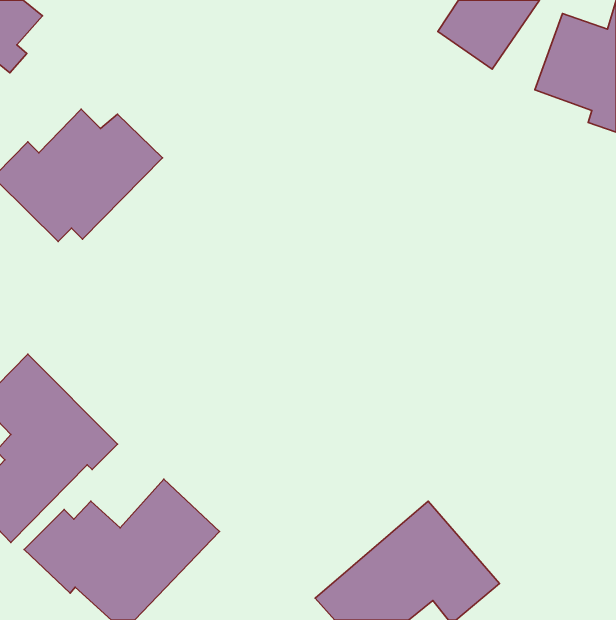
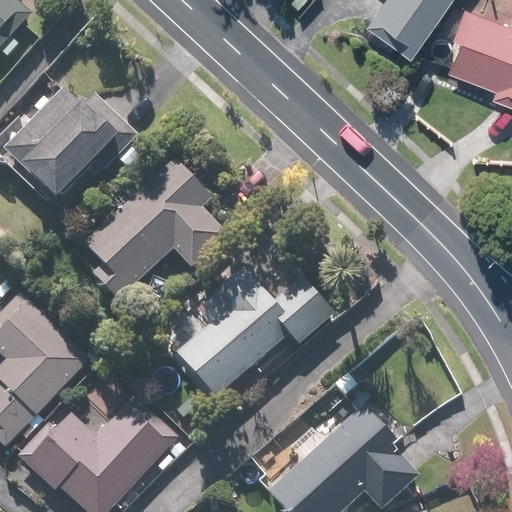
building: none -> [86,157,232,299]
building: none -> [169,271,326,404]

